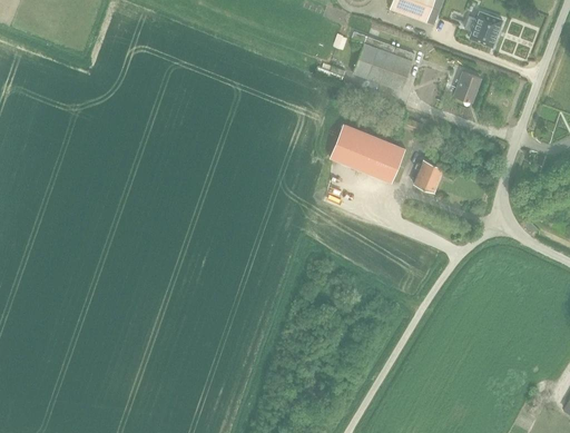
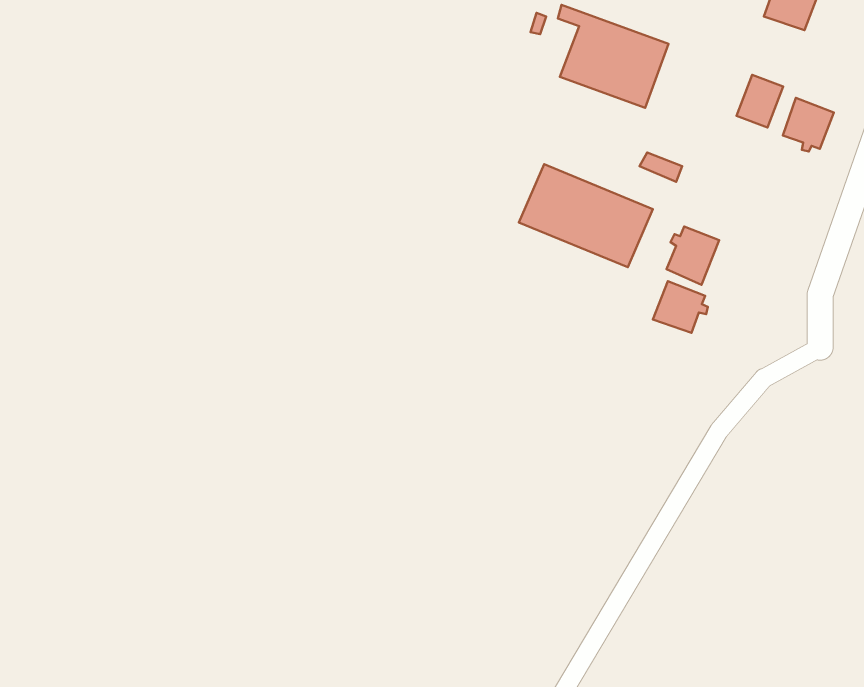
building: none -> [783,98,834,152]
building: none -> [653,281,708,333]

